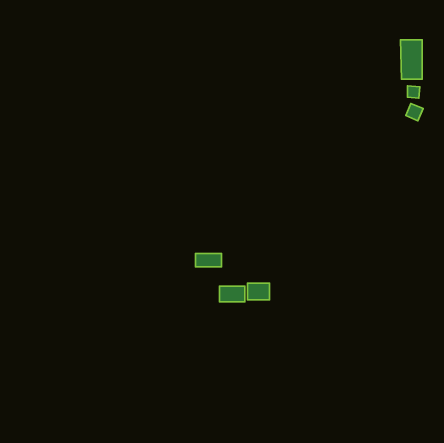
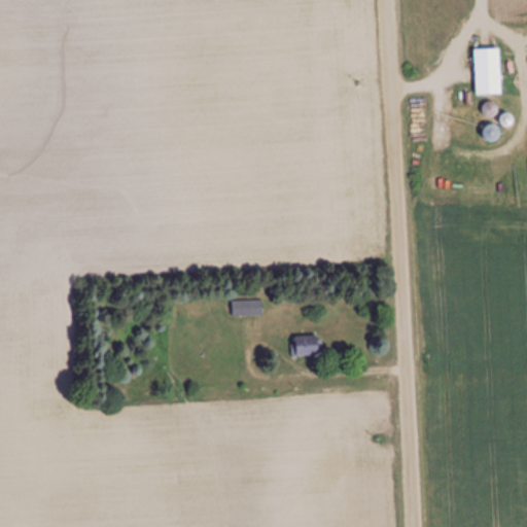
building: [220,286,245,302] -> none

